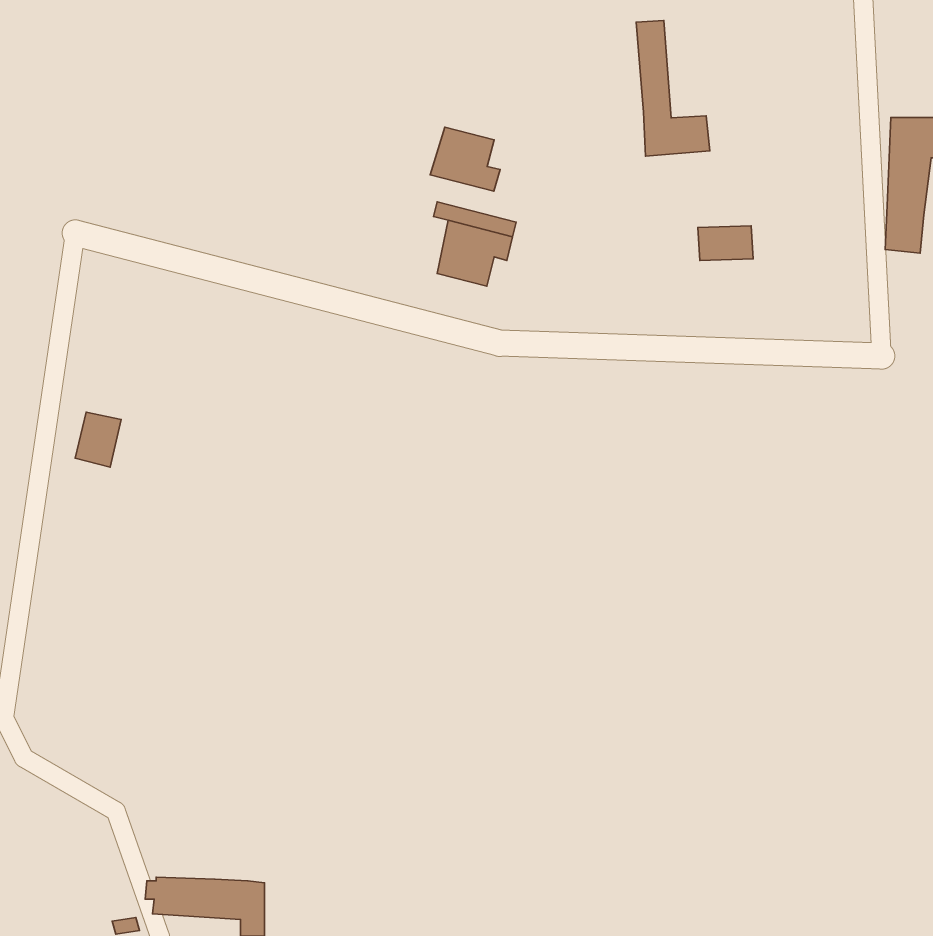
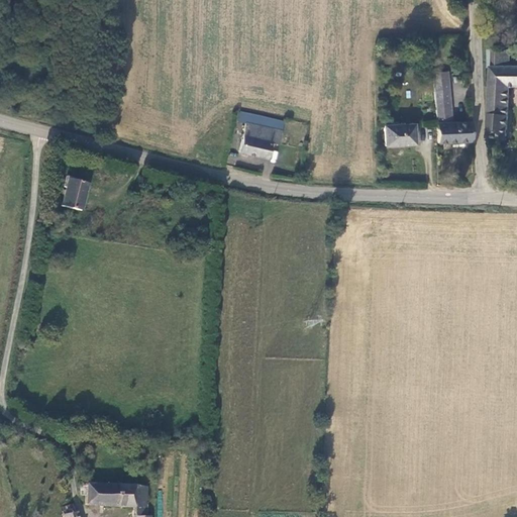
building: [636,20,710,156] -> [435,68,476,142]
building: [430,127,500,191] -> none
building: [75,412,121,467] -> [64,180,89,210]

